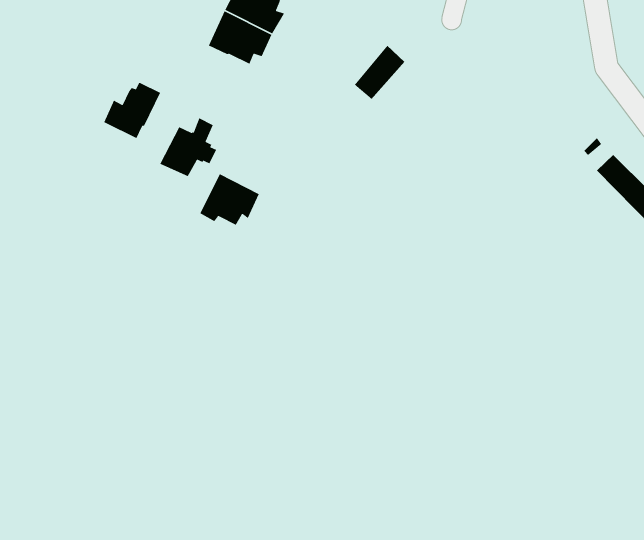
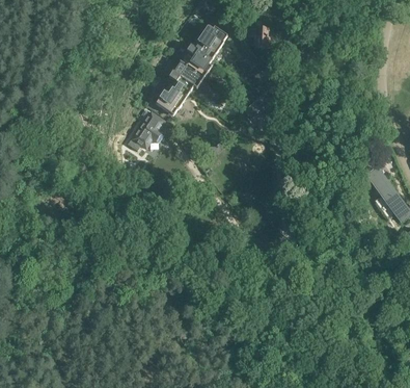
building: [103,82,161,139] -> [156,83,189,113]
building: [199,173,260,226] -> none

